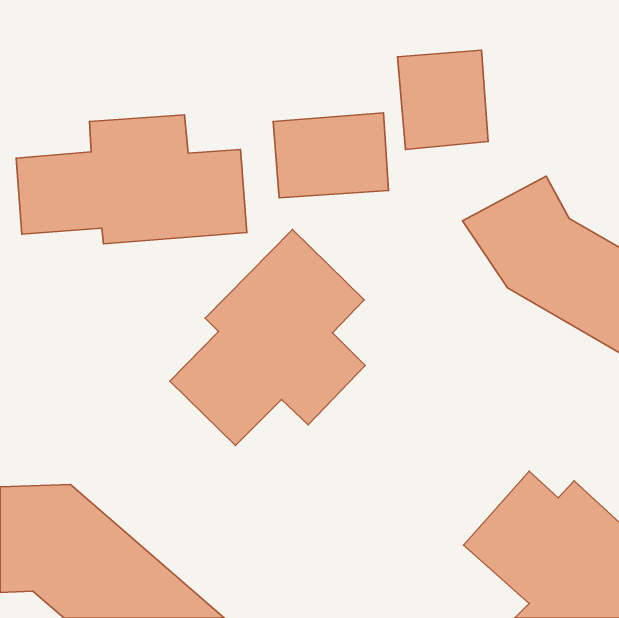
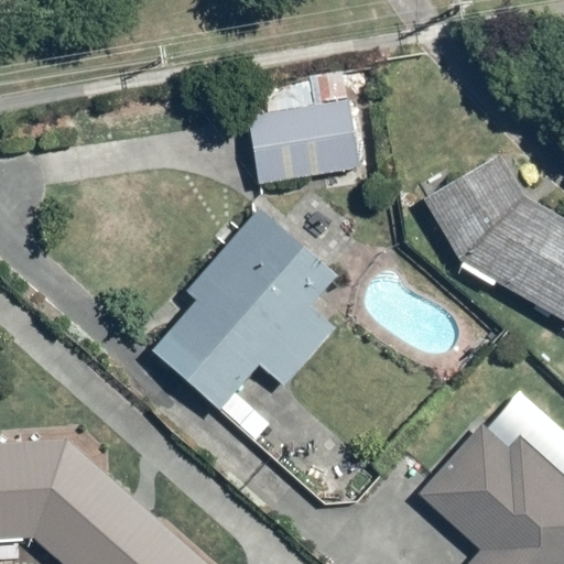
building: [398,50,488,149] -> none
building: [16,115,247,244] -> none

